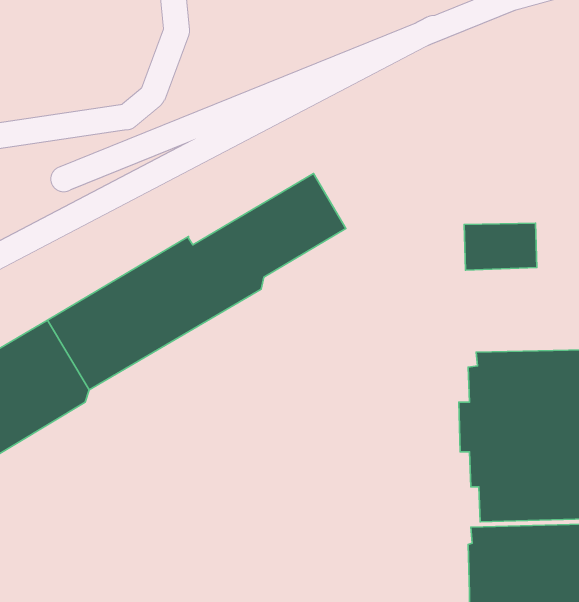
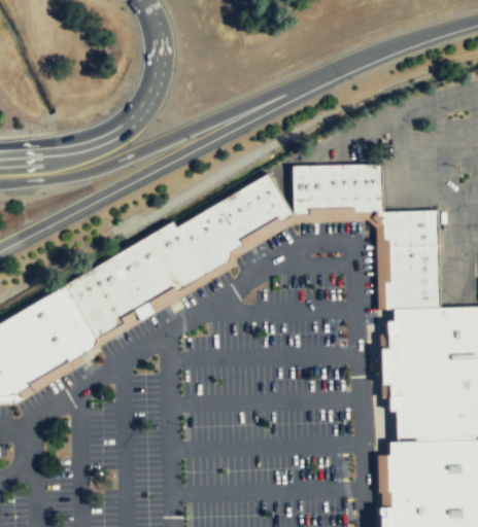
building: none -> [292,163,383,214]
building: none -> [384,244,440,309]

